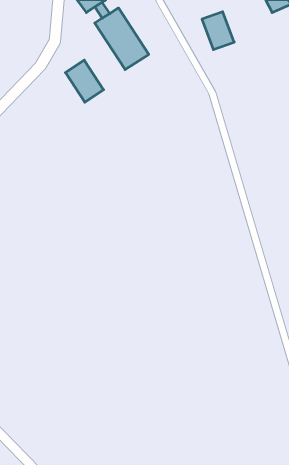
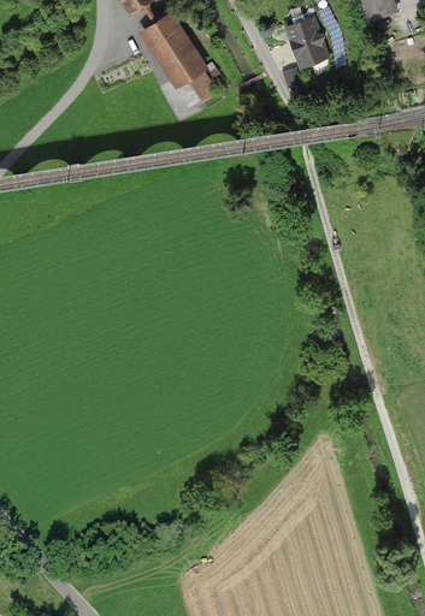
building: [65,60,104,102] -> none

